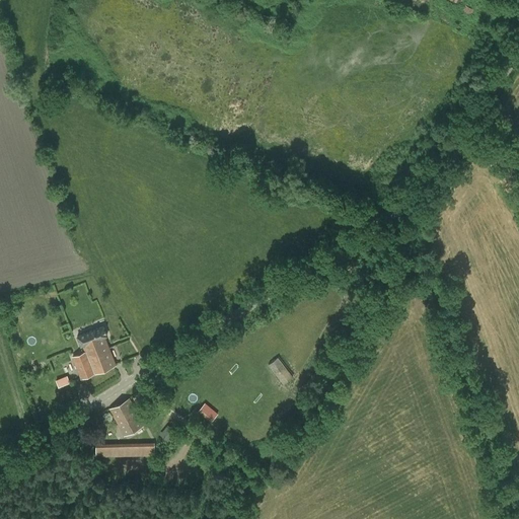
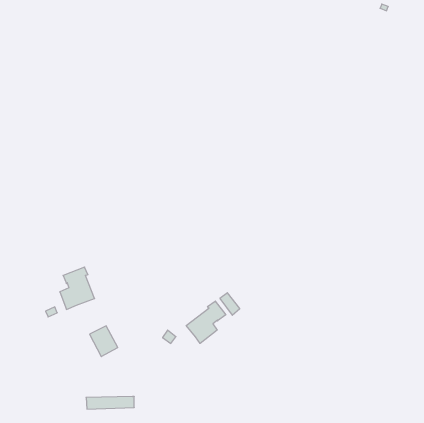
building: none -> [186,301,226,343]
building: [95,443,154,458] -> [86,397,134,409]

